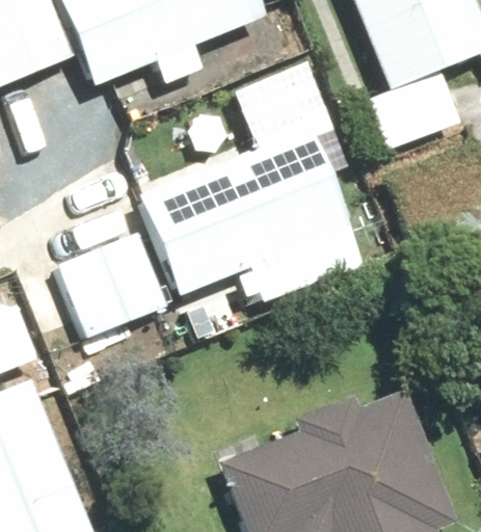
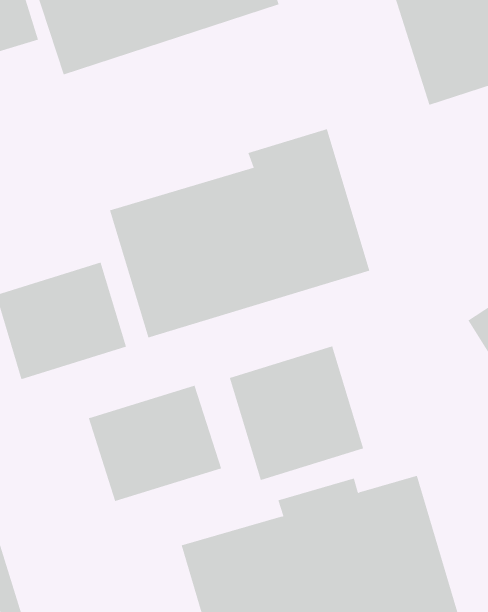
building: none -> [229,345,364,481]
building: none -> [88,385,222,502]

